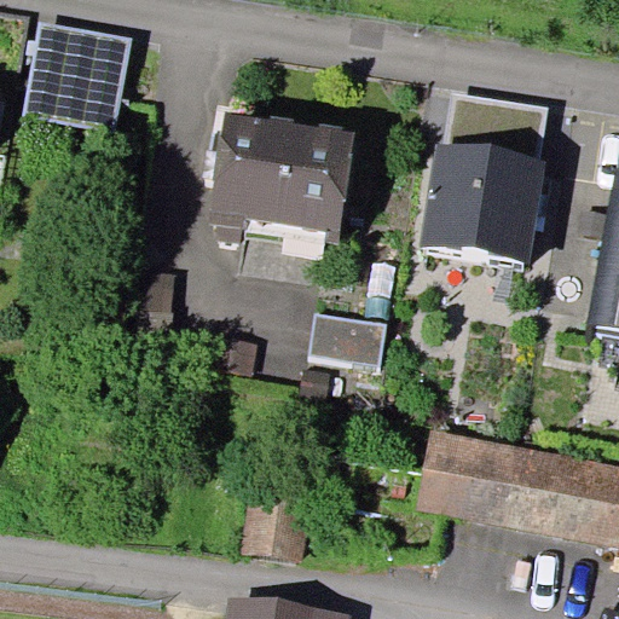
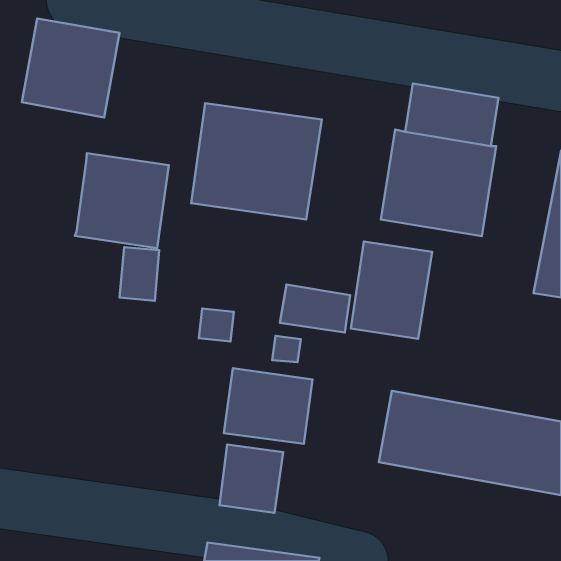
building: none -> [75,153,169,248]
building: none -> [351,241,432,339]
building: none -> [224,368,313,444]

